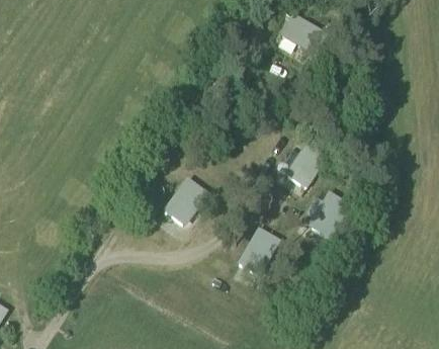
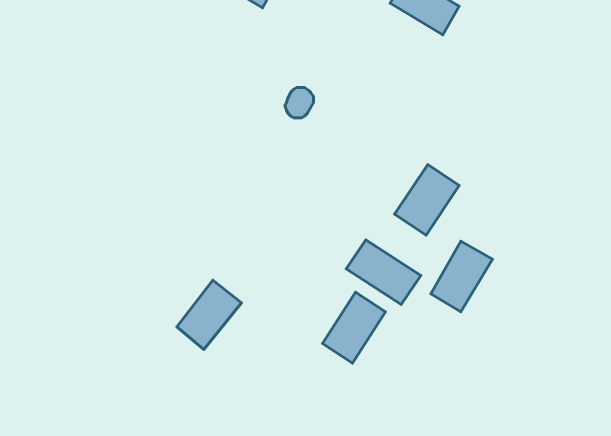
building: [164,178,207,225] -> [177,280,242,350]
building: none -> [346,240,421,305]

